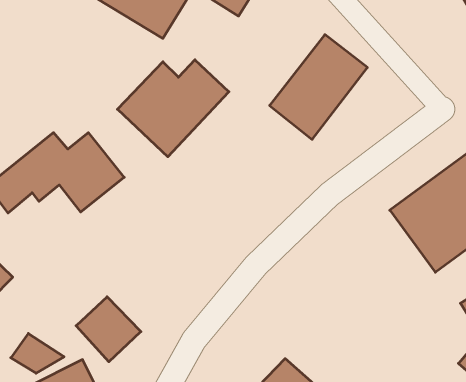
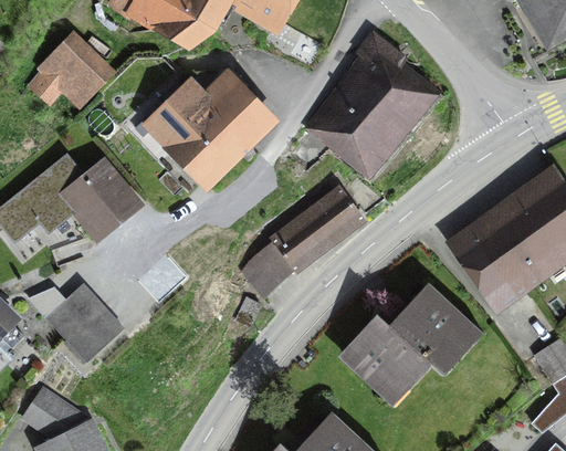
building: none -> [27,31,117,114]
building: none -> [241,187,363,290]
building: none -> [343,279,486,422]
building: [76,297,141,362] -> [44,283,118,357]

